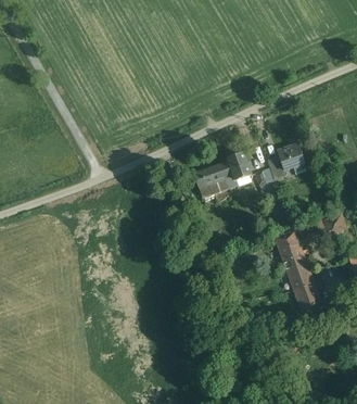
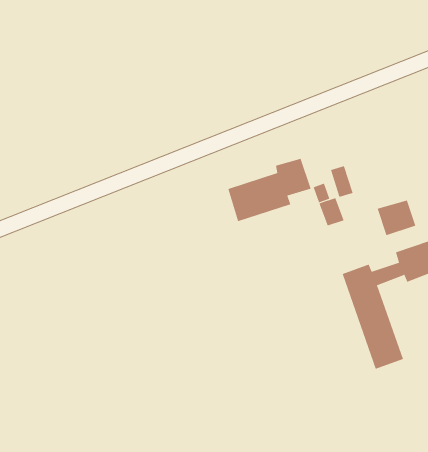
building: [276,142,305,169] -> [377,200,416,236]

